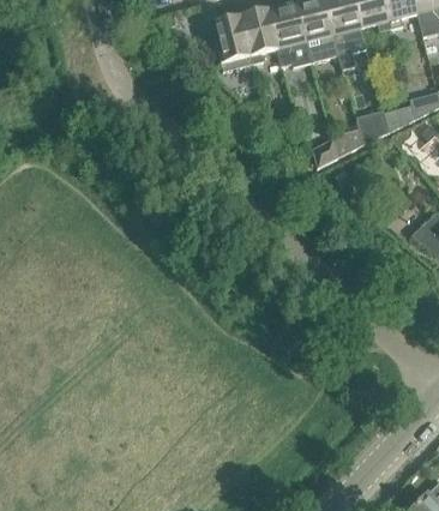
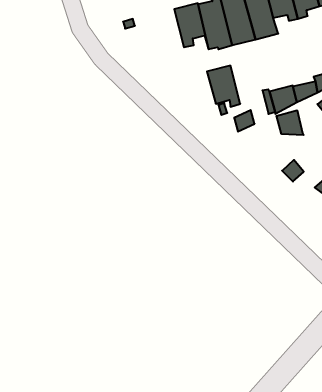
building: [210,17,251,67] -> [207,66,240,107]
building: none -> [276,110,304,135]

